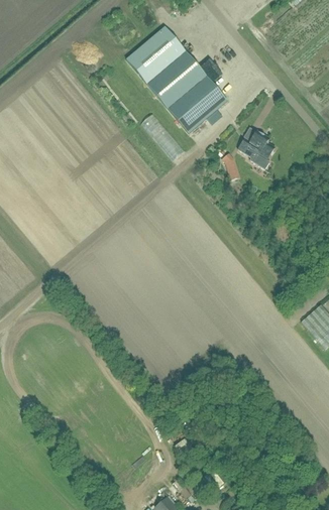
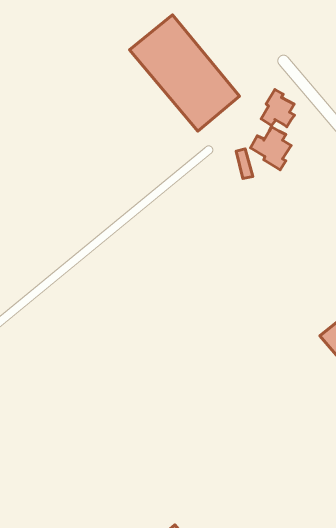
building: none -> [261,90,295,127]

